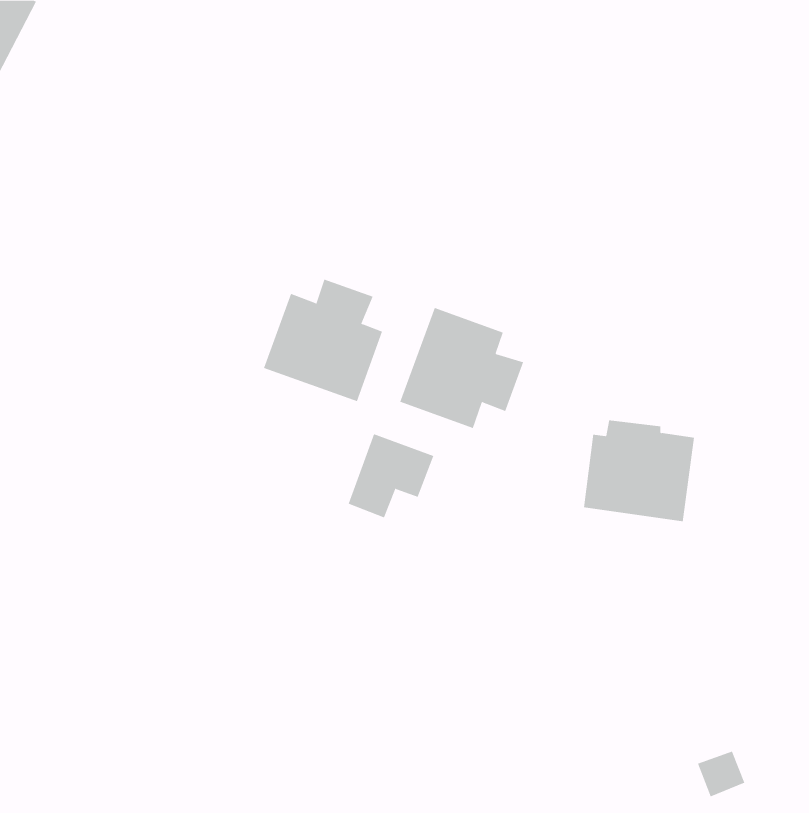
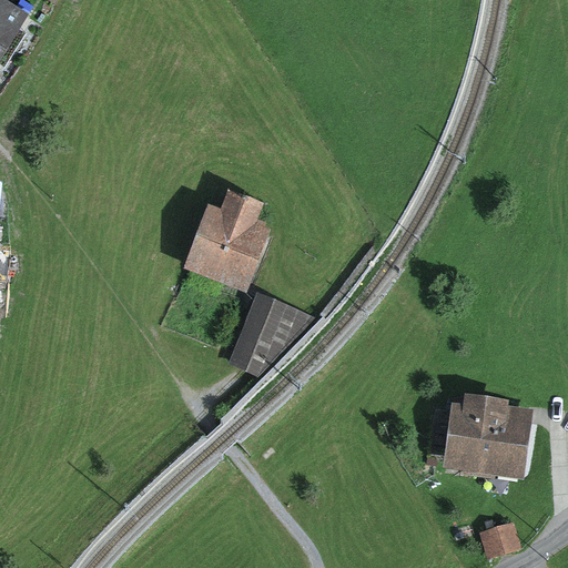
building: [400,307,524,429] -> none
building: [583,420,695,522] -> [445,405,523,476]

